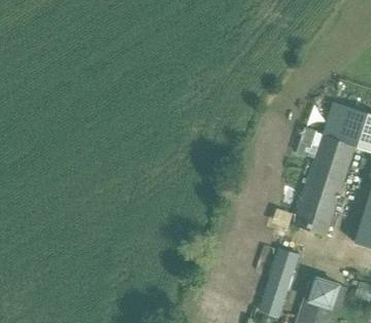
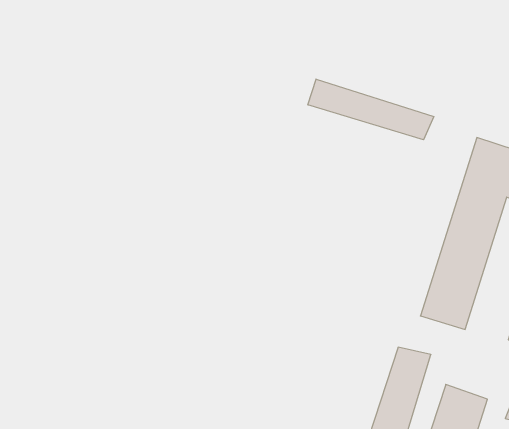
building: none -> [308,79,434,140]

